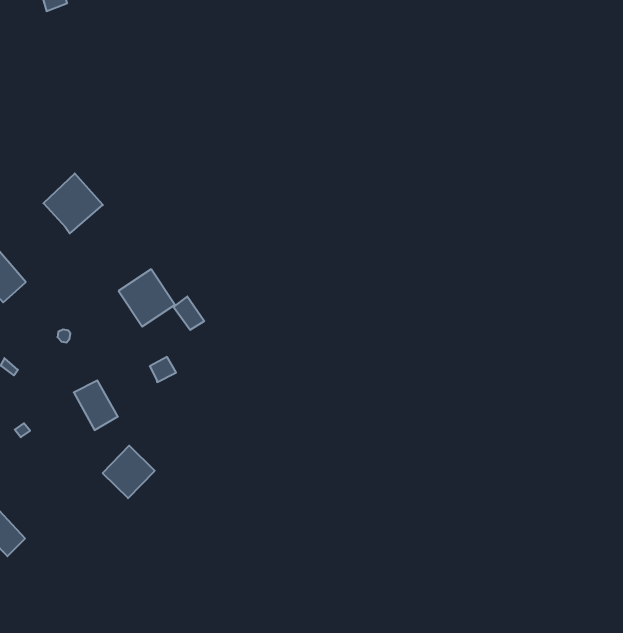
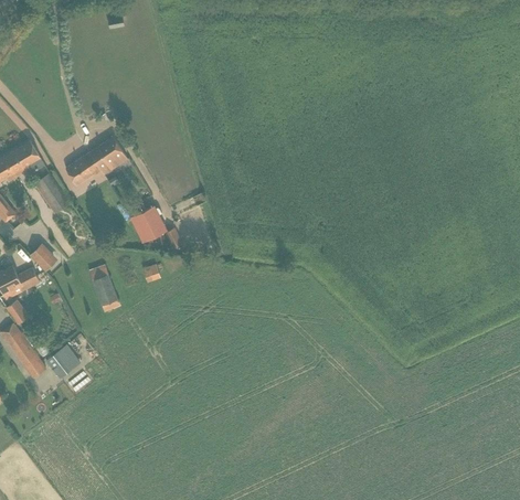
building: none -> [65,155,102,187]
building: [103,446,155,498] -> [45,347,79,381]

